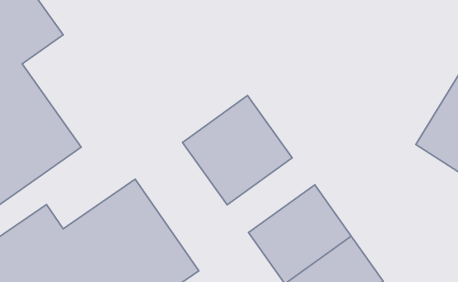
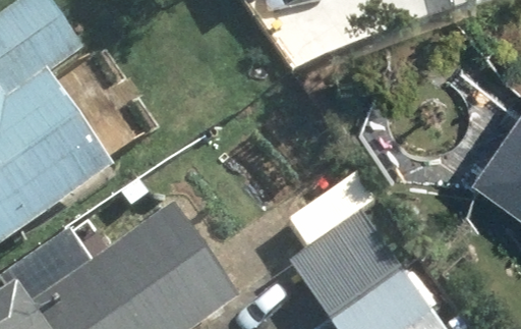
building: [182,95,292,205] -> none

